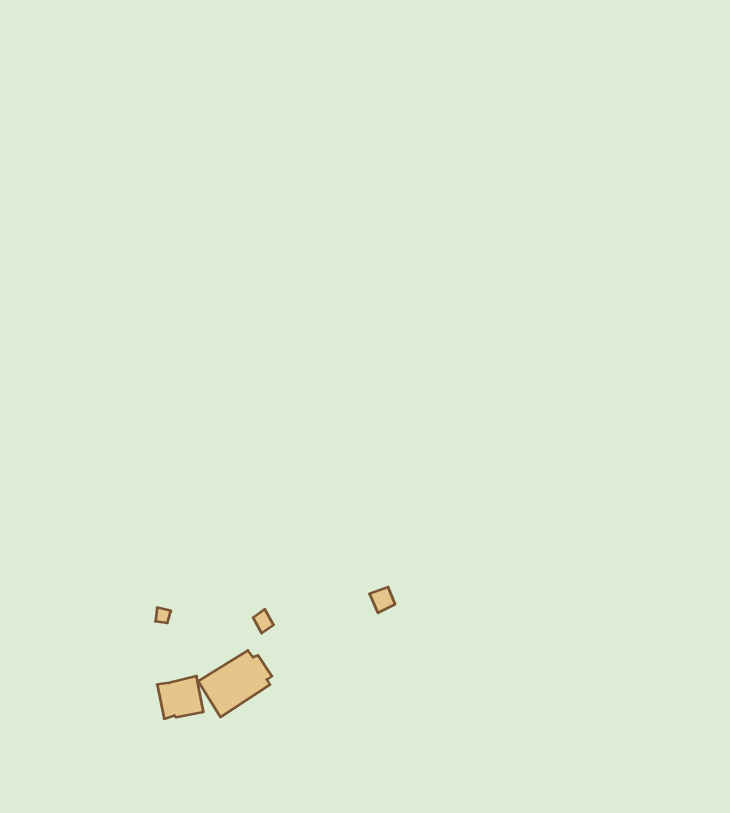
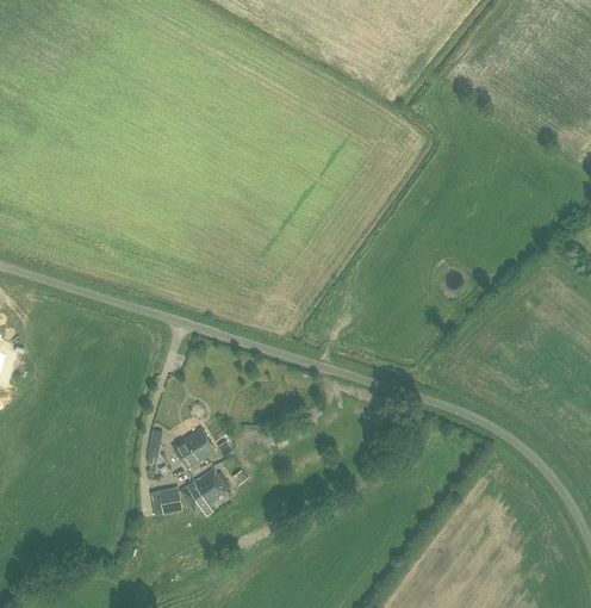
building: none -> [172,428,216,469]

